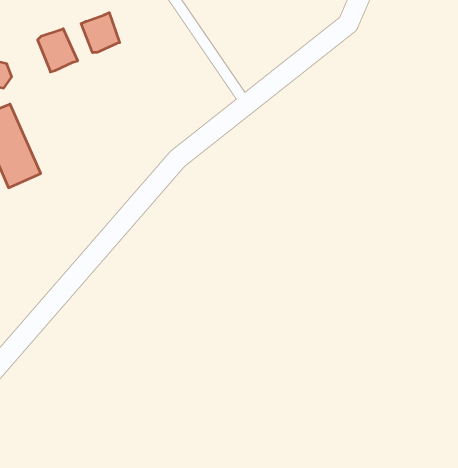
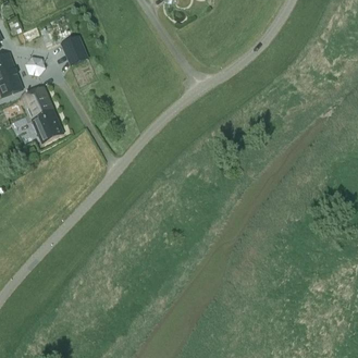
building: [81,13,120,53] -> none

